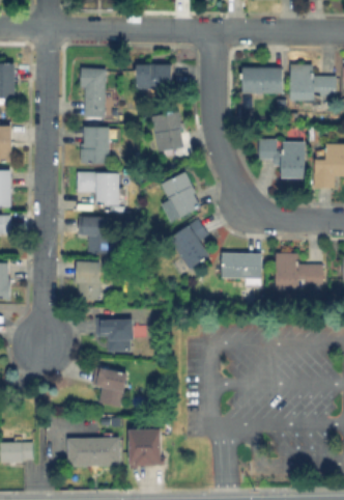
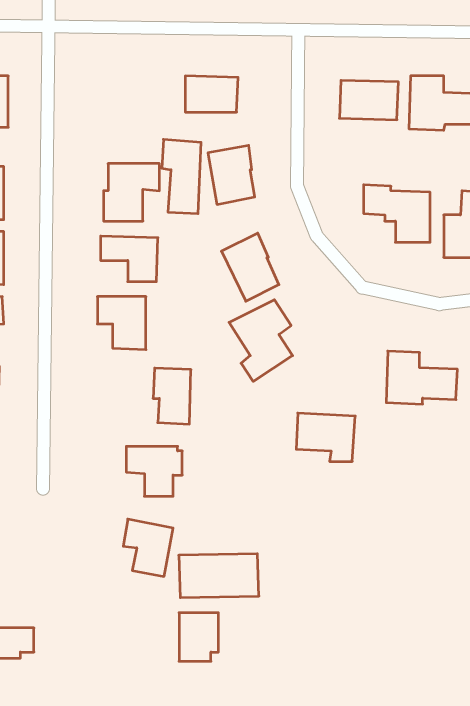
building: [80,66,107,117] -> [162,139,201,214]
building: [221,252,261,285] -> [296,413,355,461]
building: [75,261,101,300] -> [153,368,191,424]
building: [66,440,121,470] -> [179,554,259,598]

